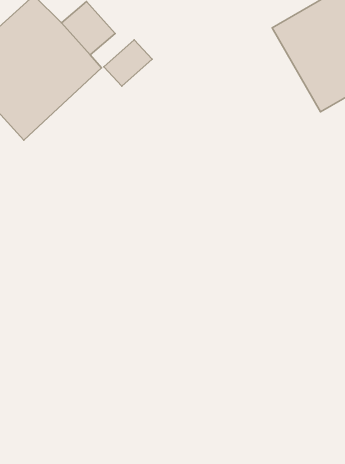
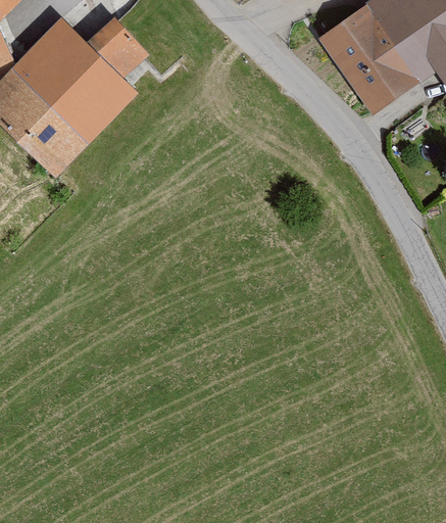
building: [104,40,152,86] -> none

